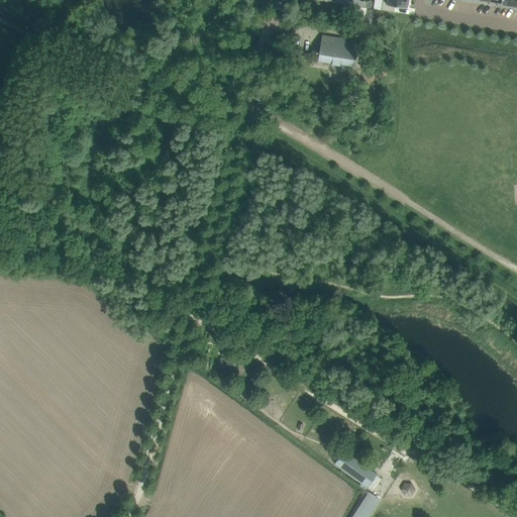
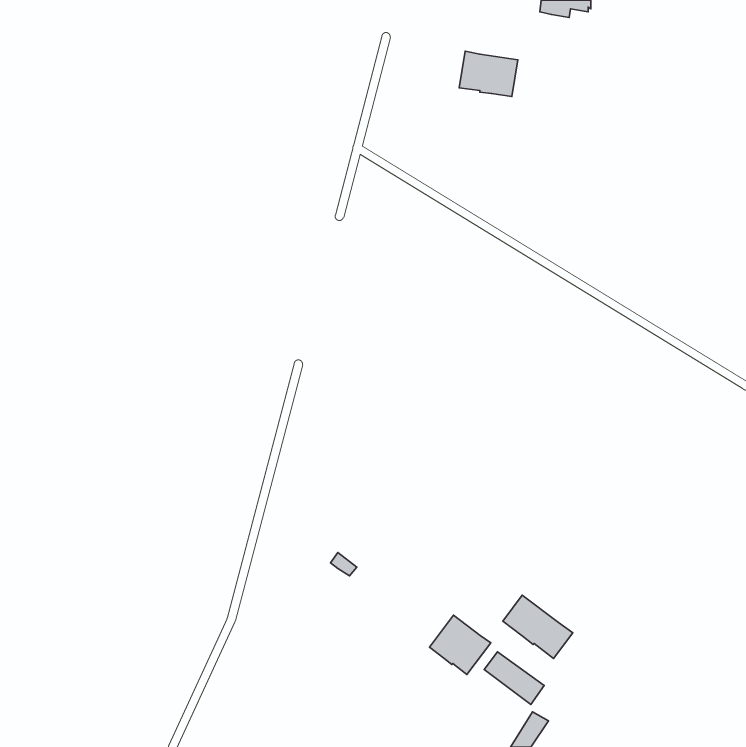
building: none -> [503,595,573,658]
building: none -> [430,615,491,675]

